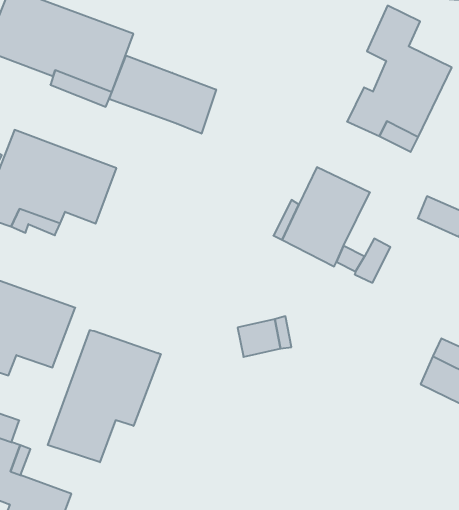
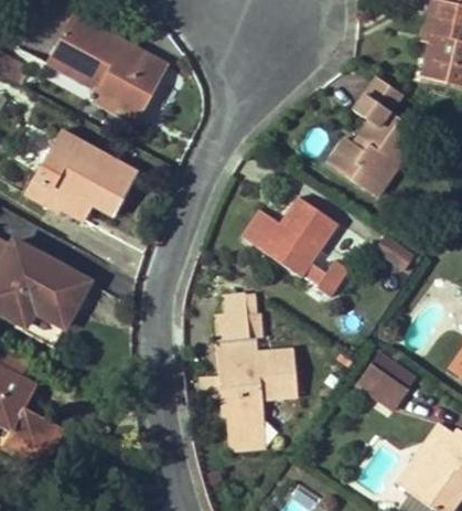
building: [109,56,216,134] -> none
building: [48,330,161,462] -> none
building: none -> [217,343,297,448]

